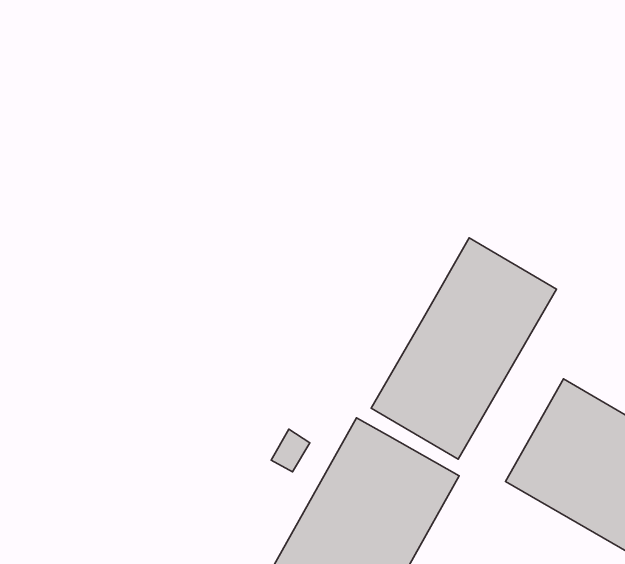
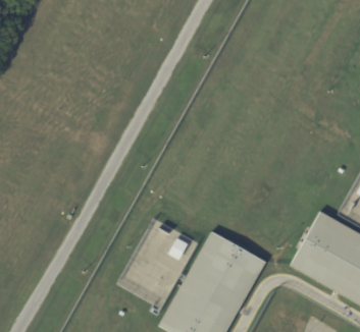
building: [371,238,556,459] -> none

